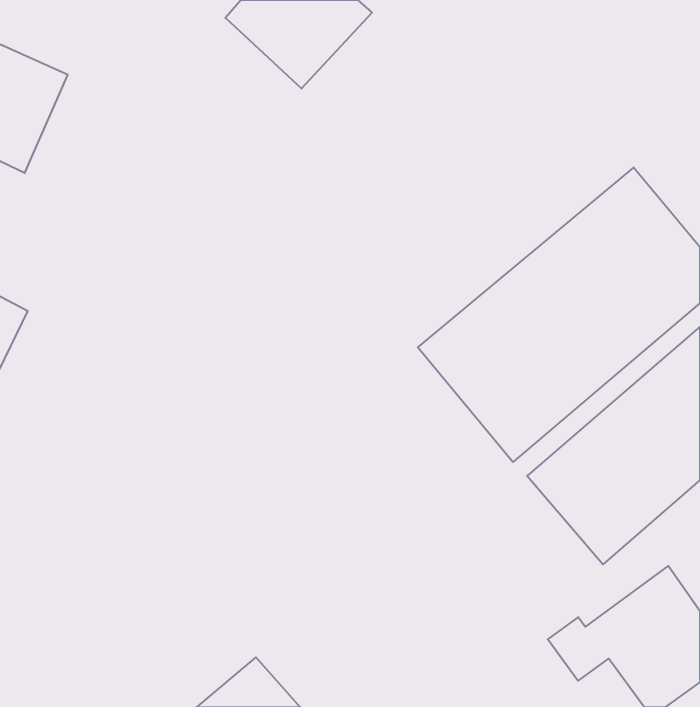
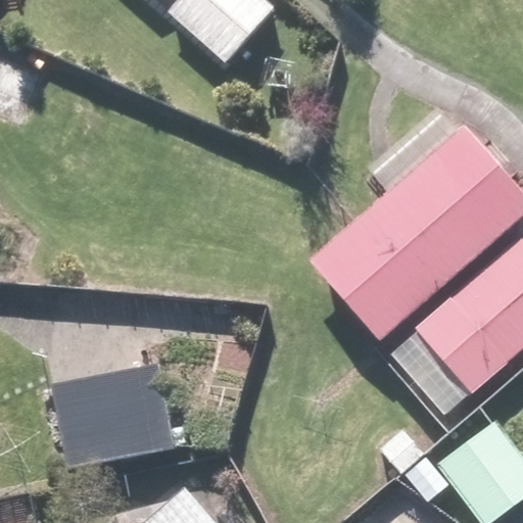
building: none -> [54,367,173,464]

